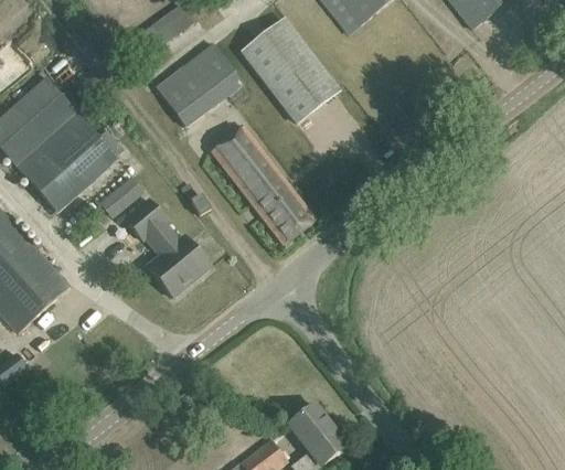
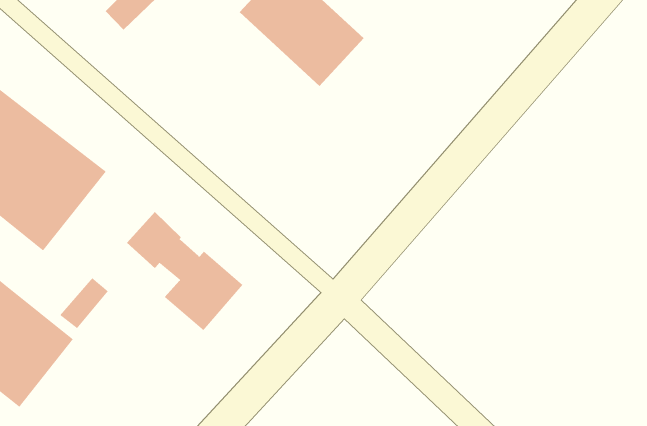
building: [158,44,243,126] -> none
building: [211,127,316,245] -> none
building: [99,178,141,216] -> [59,277,109,329]

